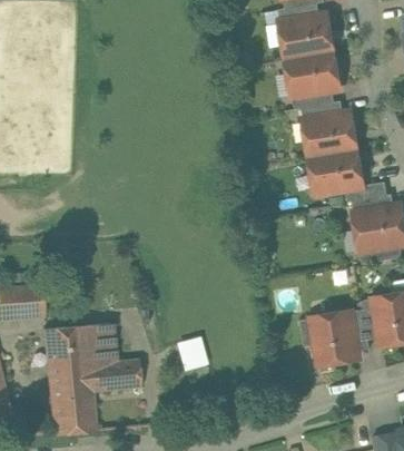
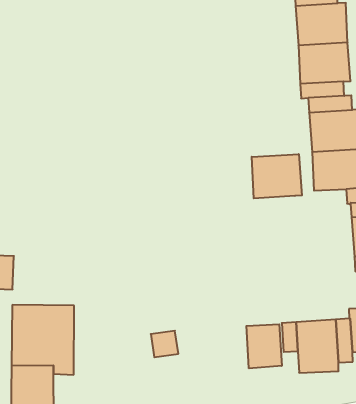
building: none -> [252,154,302,198]
building: none -> [246,324,282,368]
building: [102,324,140,390] -> none

